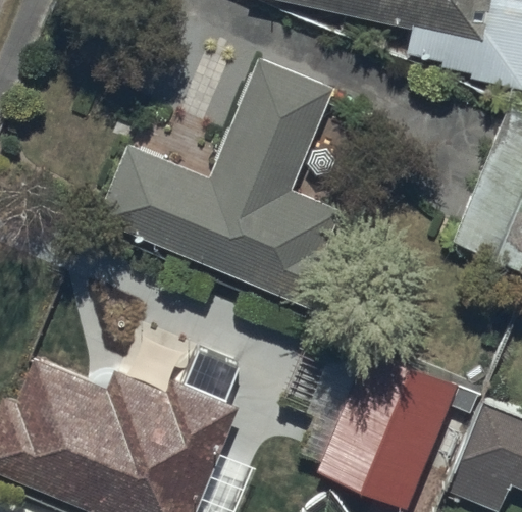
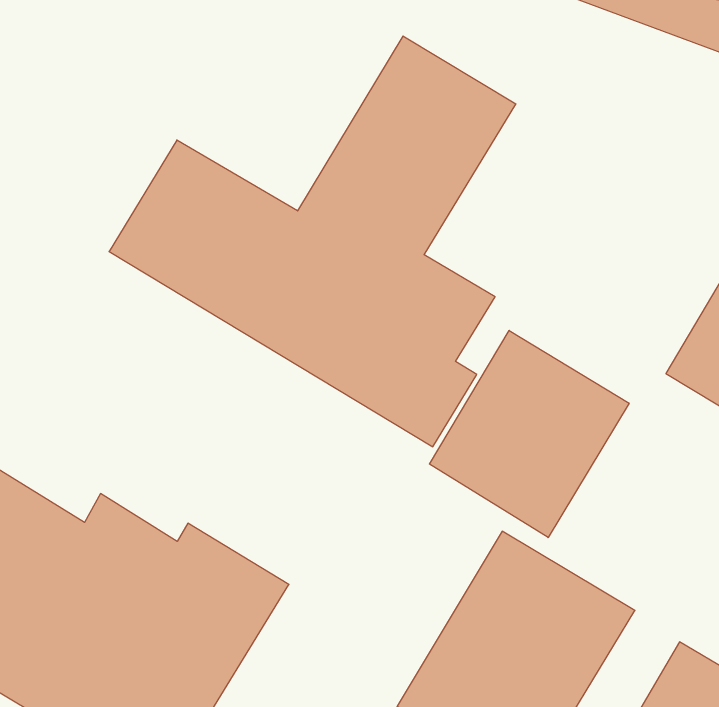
building: none -> [429,330,629,538]

